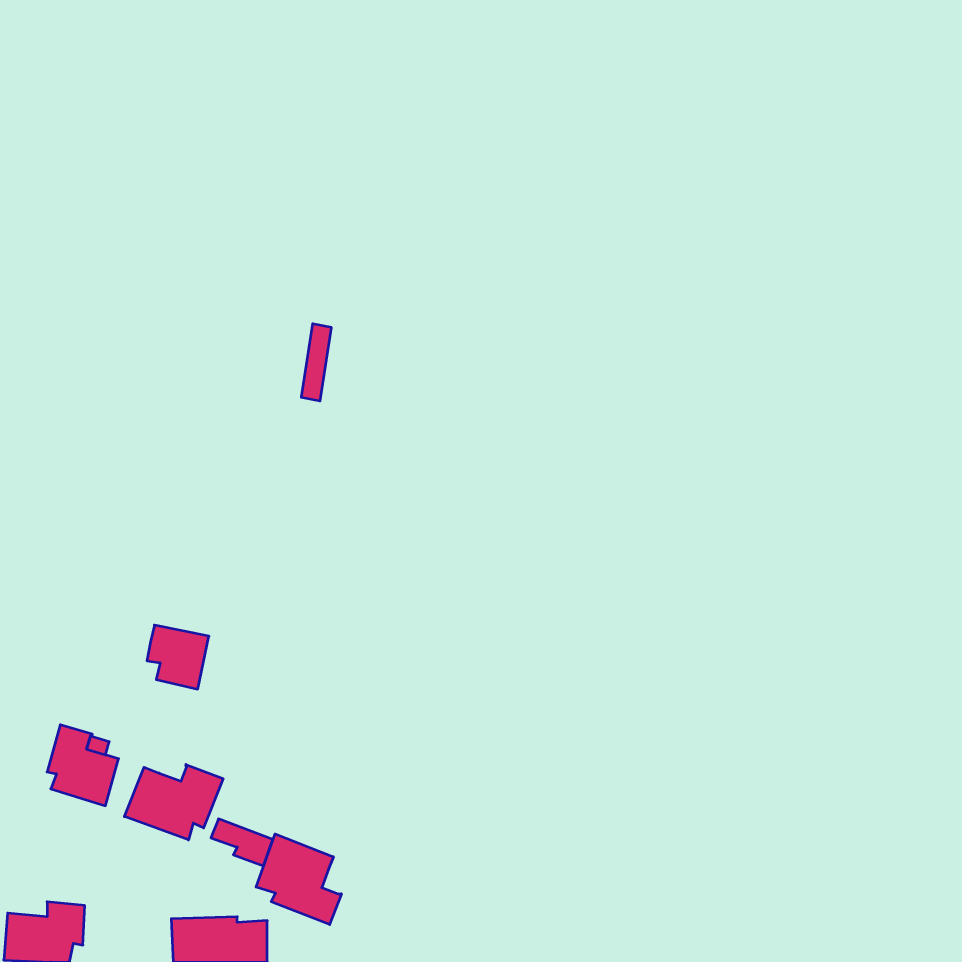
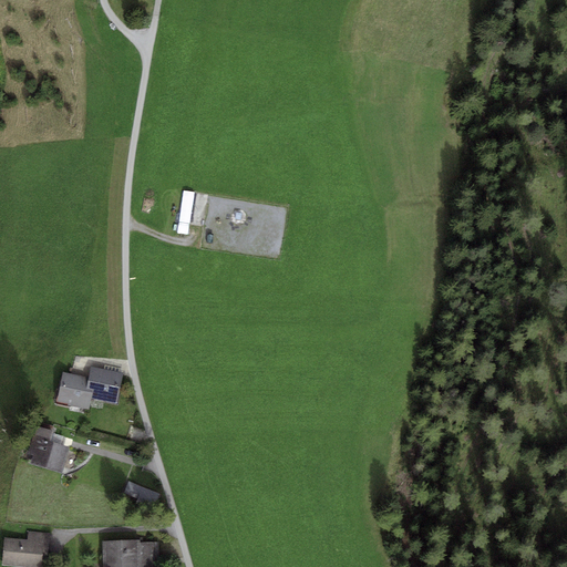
building: none -> [56,372,94,410]
building: [124,764,223,840] -> none
building: [256,834,341,925] -> none

